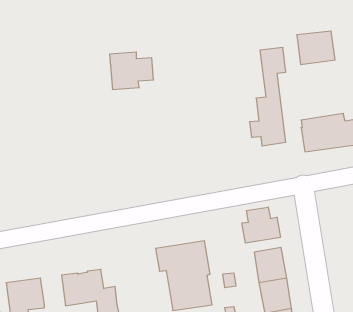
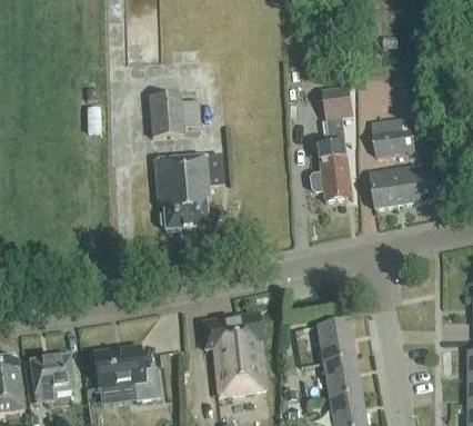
building: [297,31,335,65] -> [370,117,414,156]
building: none -> [153,152,223,229]
building: [242,207,280,243] -> none

